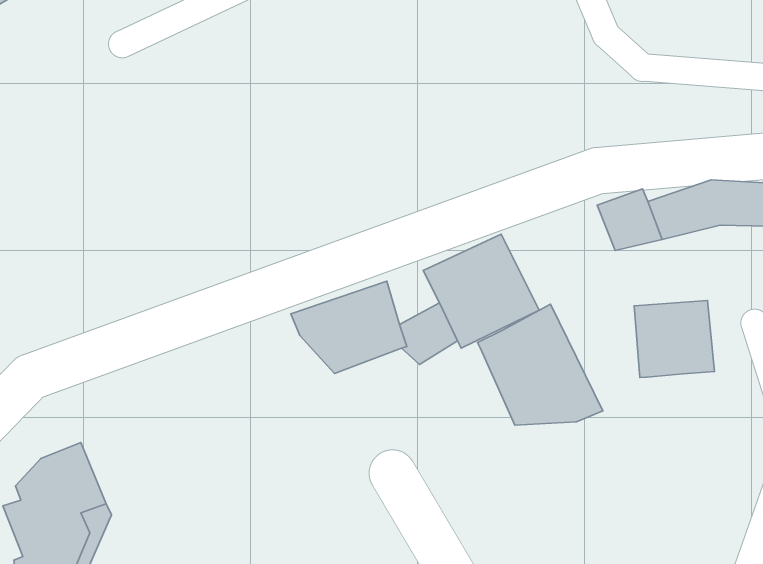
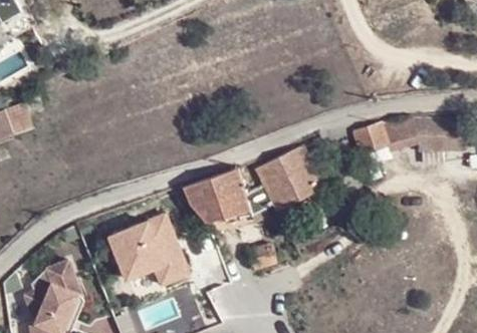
building: [634,300,715,378] -> none
building: [478,304,603,425] -> none
building: none -> [108,216,188,287]

